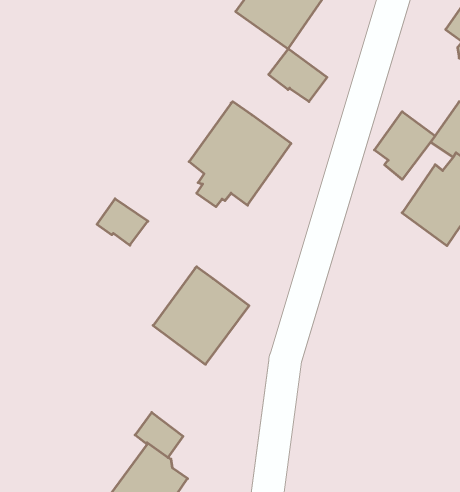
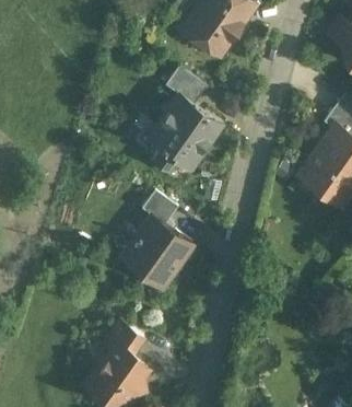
building: [269,49,327,102] -> [165,67,208,105]
building: [374,112,435,179] -> none
building: [97,199,148,245] -> [142,190,179,224]

